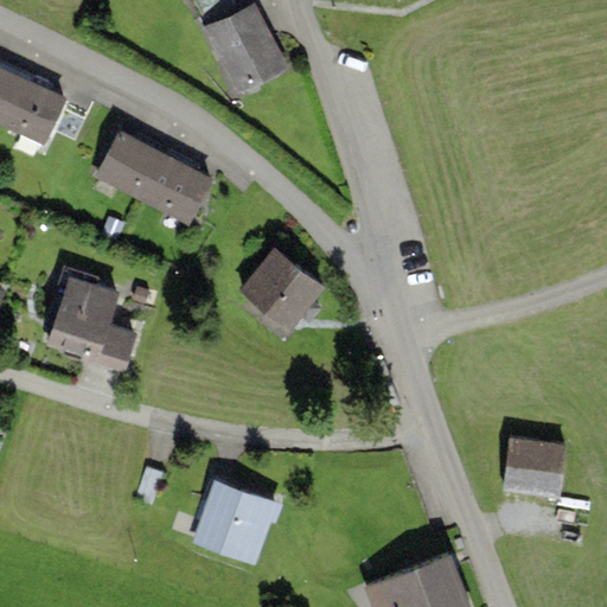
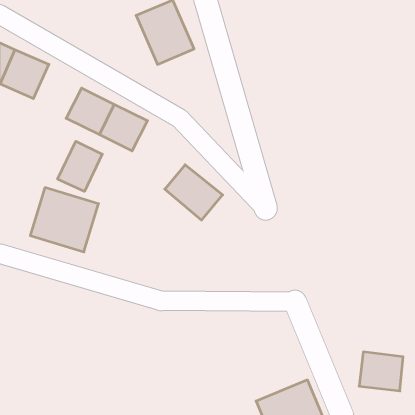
building: none -> [58,141,102,191]
building: [503,440,567,497] -> [359,352,403,391]
building: [193,480,276,564] -> none

